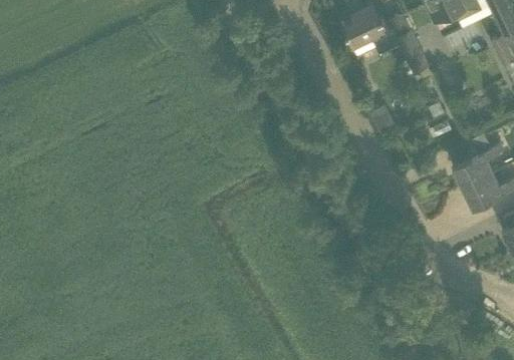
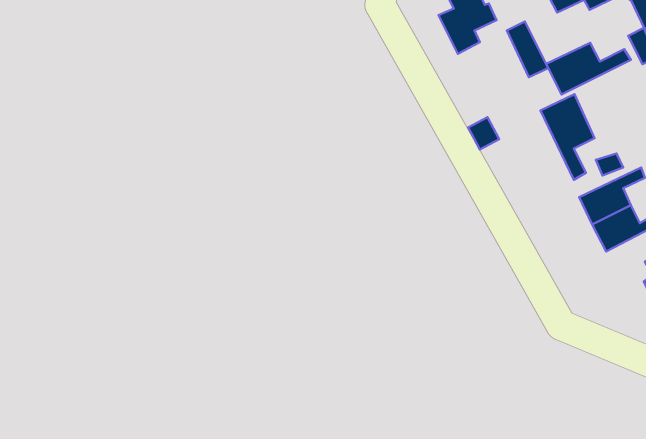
building: none -> [546,43,631,94]
building: none -> [540,94,595,180]

